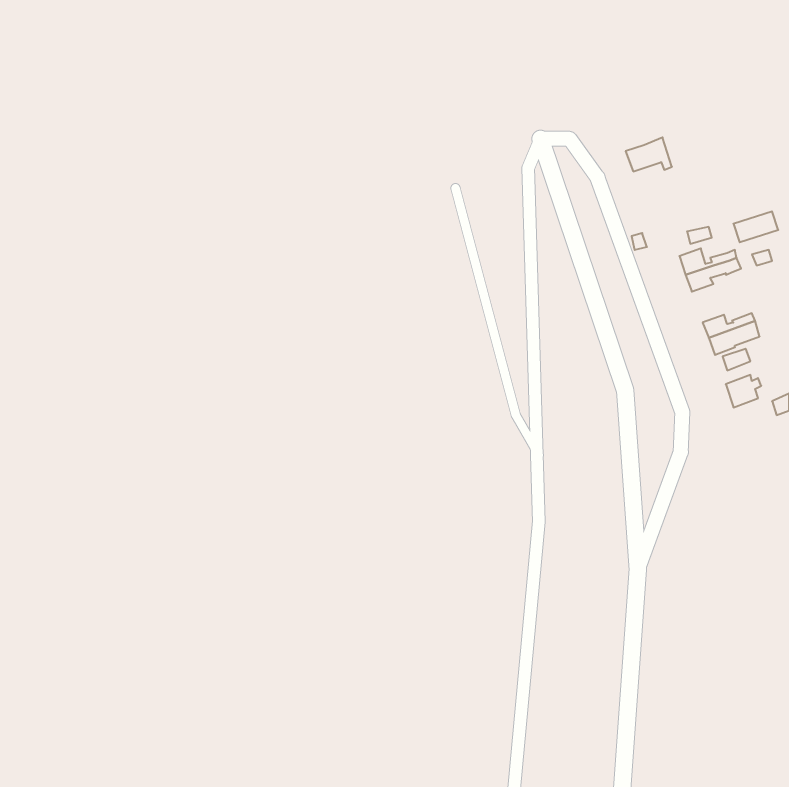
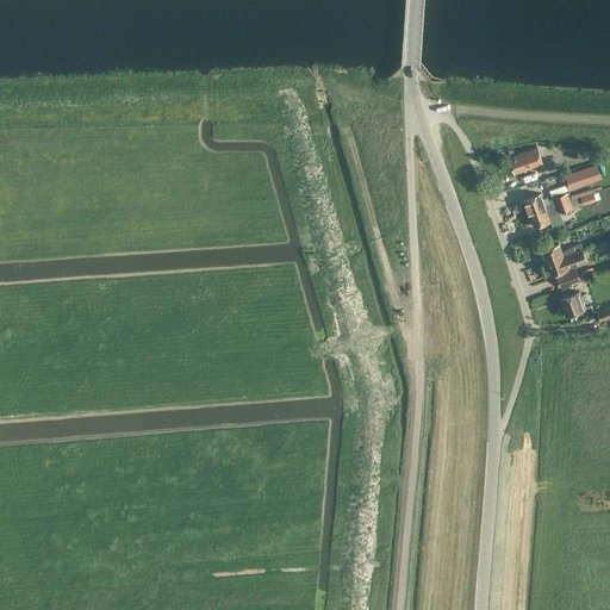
building: [626,137,672,171] -> [509,147,544,173]

